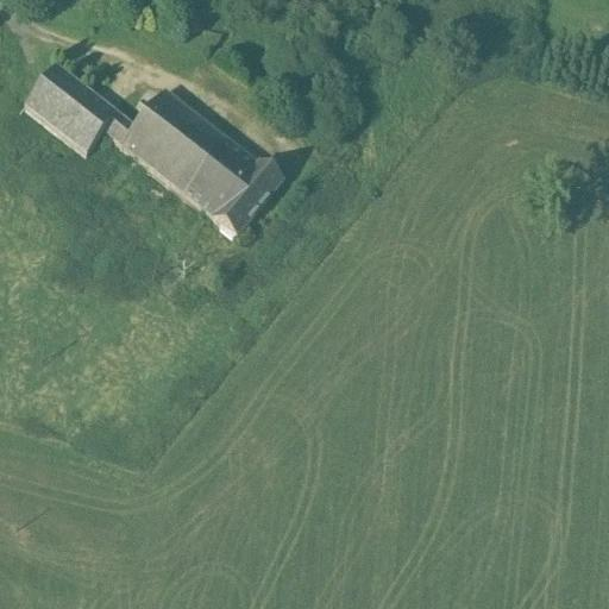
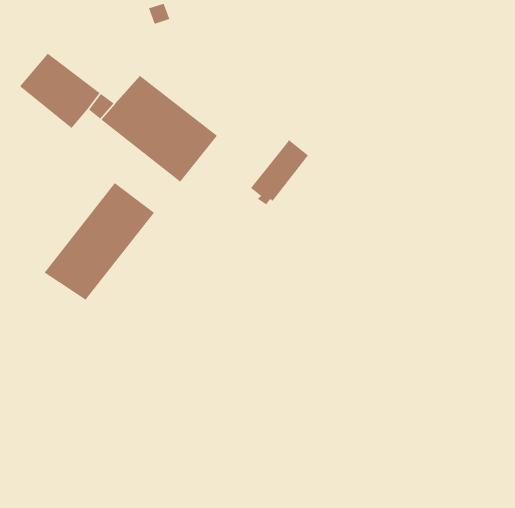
building: [212,157,281,234] -> [250,139,309,205]
building: none -> [44,182,155,300]

